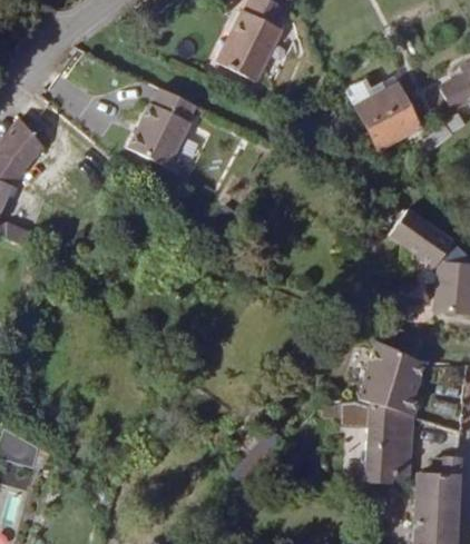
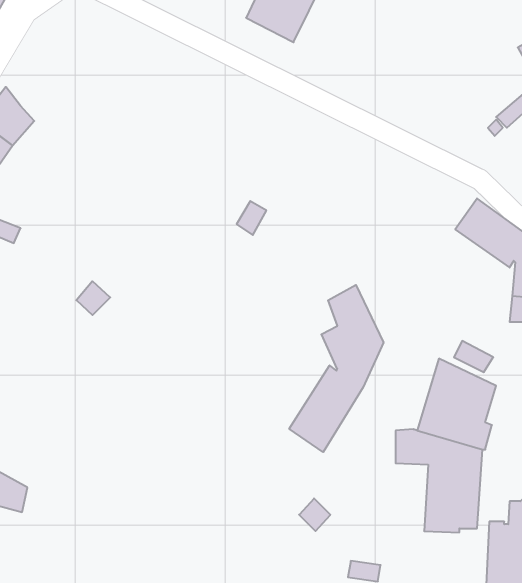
building: [347,78,421,150] -> none
building: [129,89,196,168] -> none
building: none -> [289,285,383,452]

